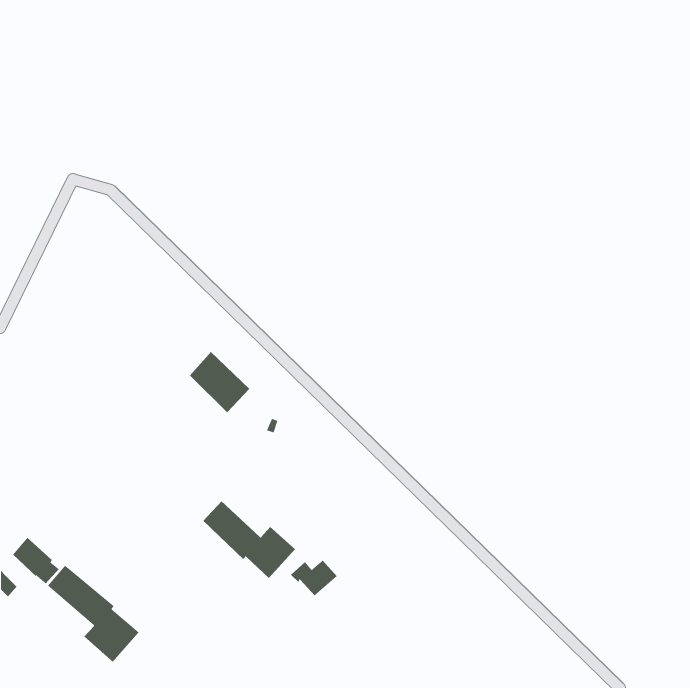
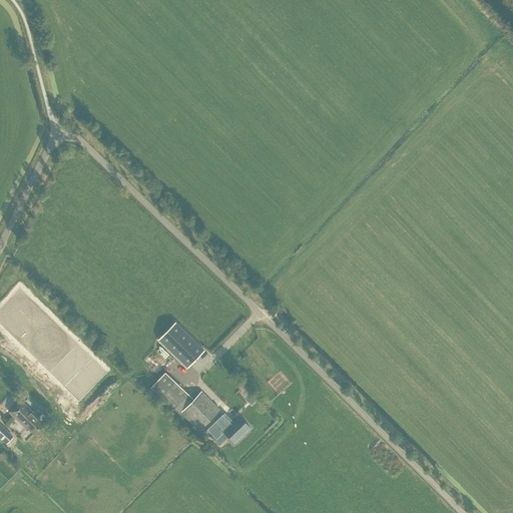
building: [189,351,250,413] -> [158,321,203,367]
building: [47,565,140,663] -> none

